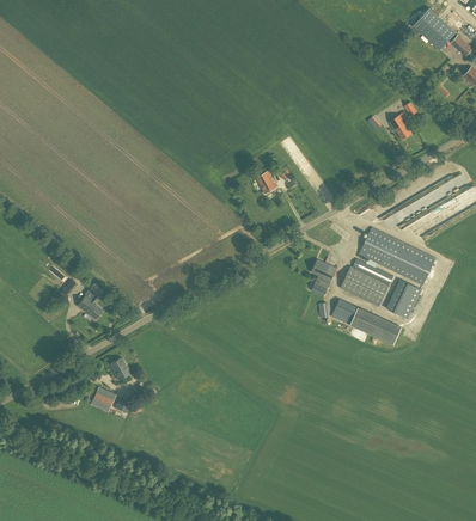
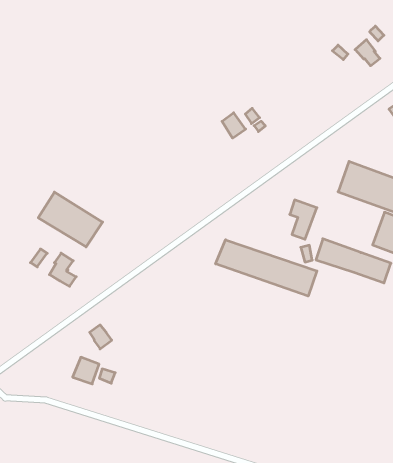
building: none -> [38,192,103,247]
building: [338,257,392,305] -> none
building: none -> [216,240,317,296]

